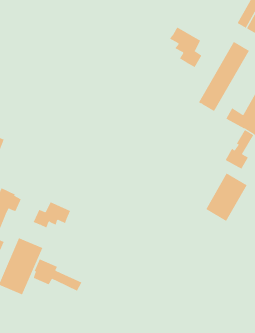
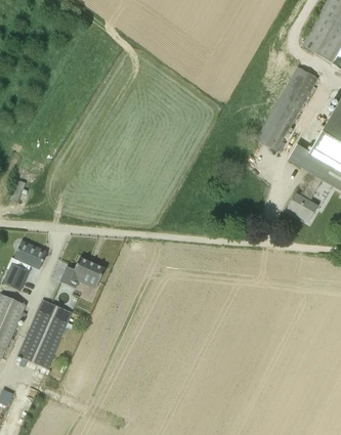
building: [169,26,202,68] -> none
building: [205,172,247,222] -> none
building: [30,258,82,291] -> none

